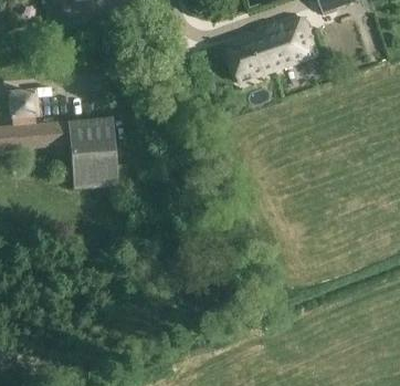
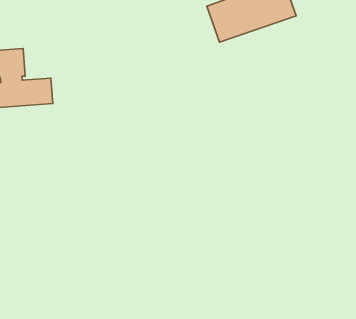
building: [66,117,116,189] -> none

